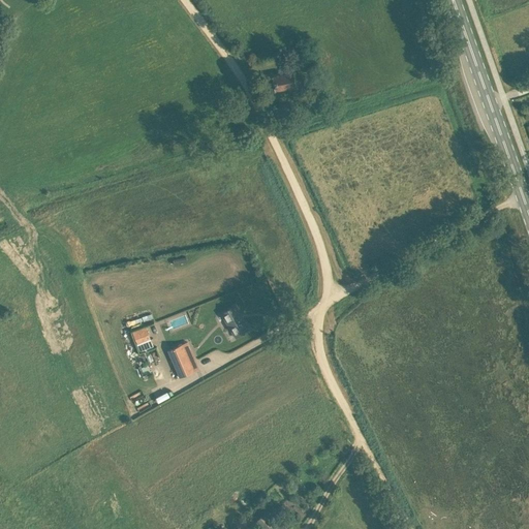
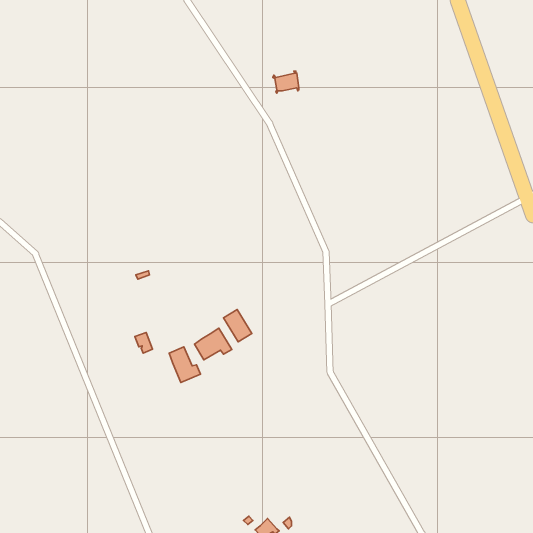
building: none -> [194,328,232,360]

